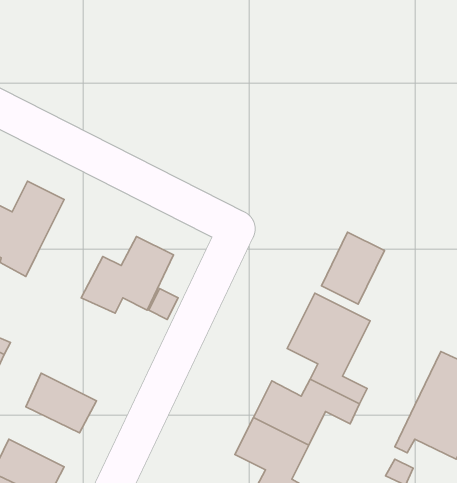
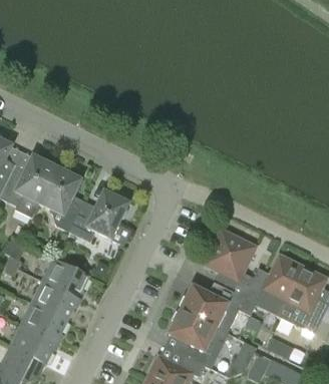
building: none -> [38,166,81,231]
building: [321,232,384,304] -> [261,254,302,301]
building: none -> [41,258,88,298]
building: none -> [20,302,66,341]

